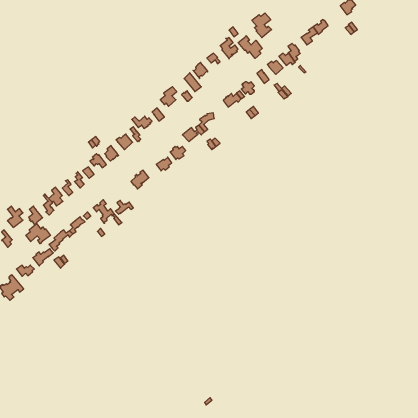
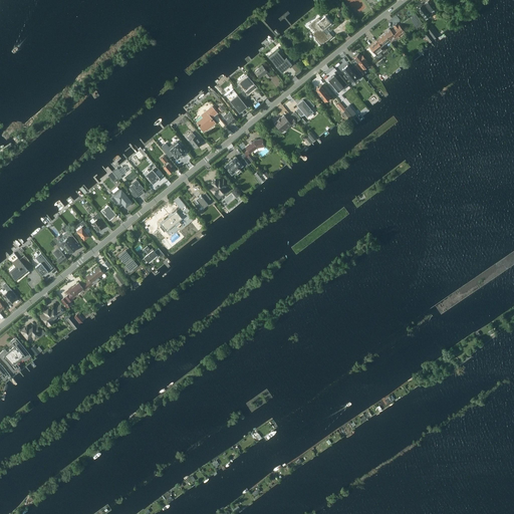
building: [238,36,262,58] -> none
building: [26,224,50,244] -> none

